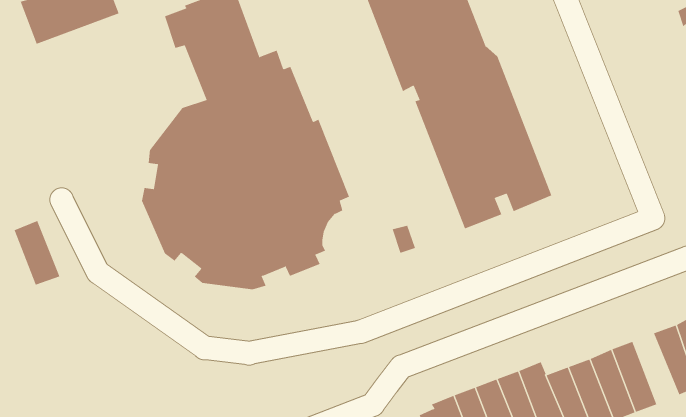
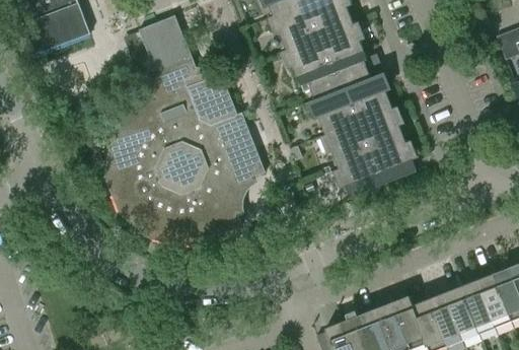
building: [14,220,60,285] -> none
building: none -> [476,274,511,328]

